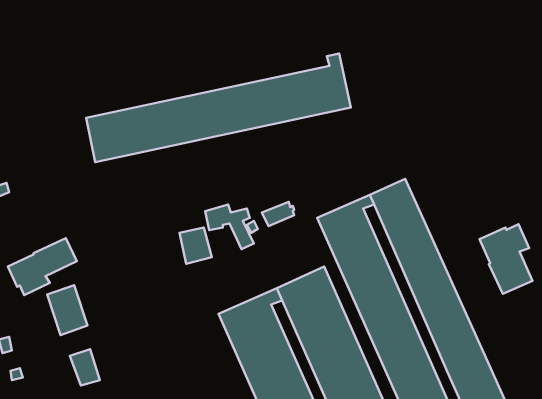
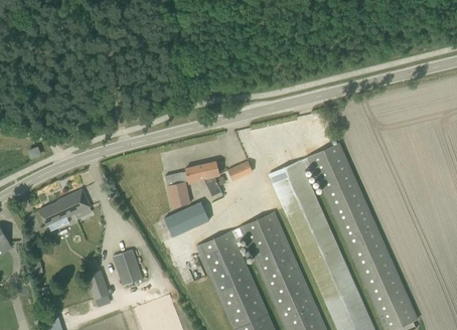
building: [86,54,351,162] -> none
building: [479,224,532,294] -> none
building: none -> [164,201,209,236]
building: [47,285,88,335] -> [113,249,143,286]

